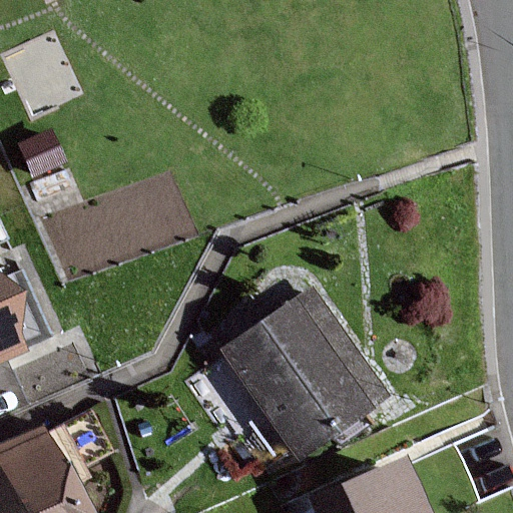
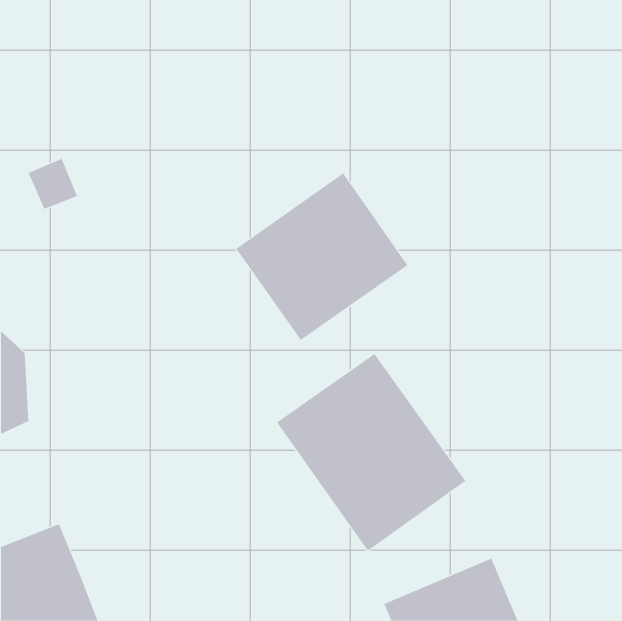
building: none -> [235,172,408,341]

